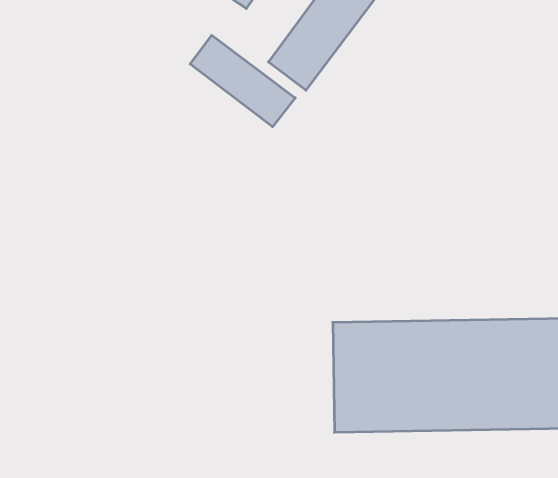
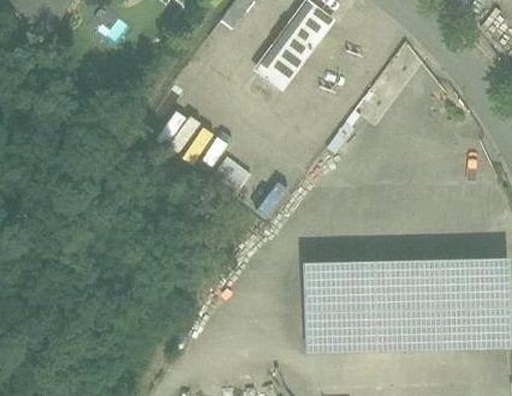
building: [190,35,295,127] -> none

